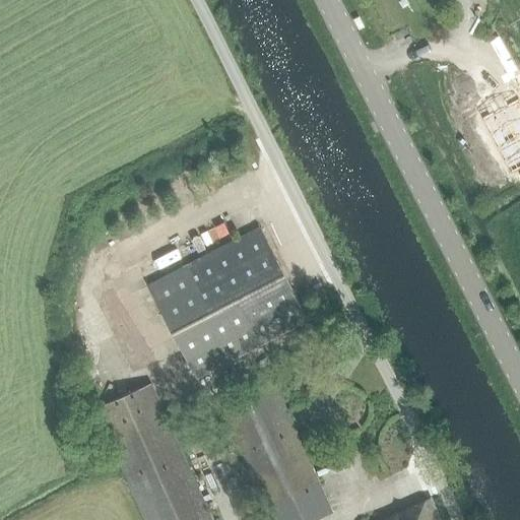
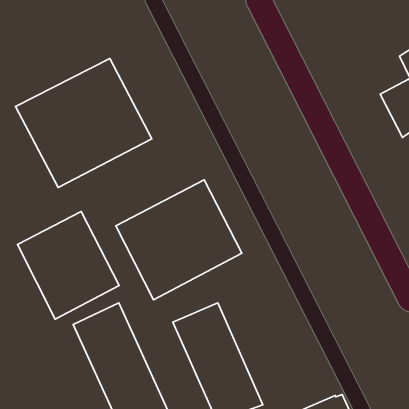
building: none -> [16,58,152,187]
building: none -> [17,212,119,319]

